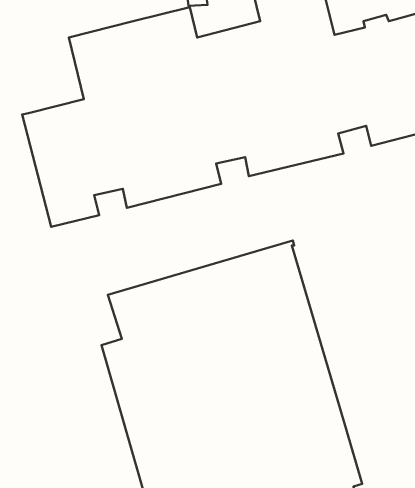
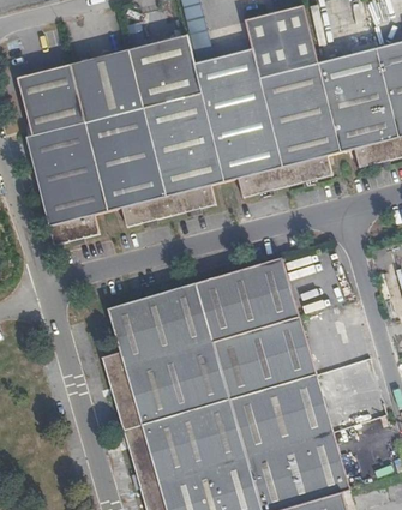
building: none -> [19,64,85,136]

